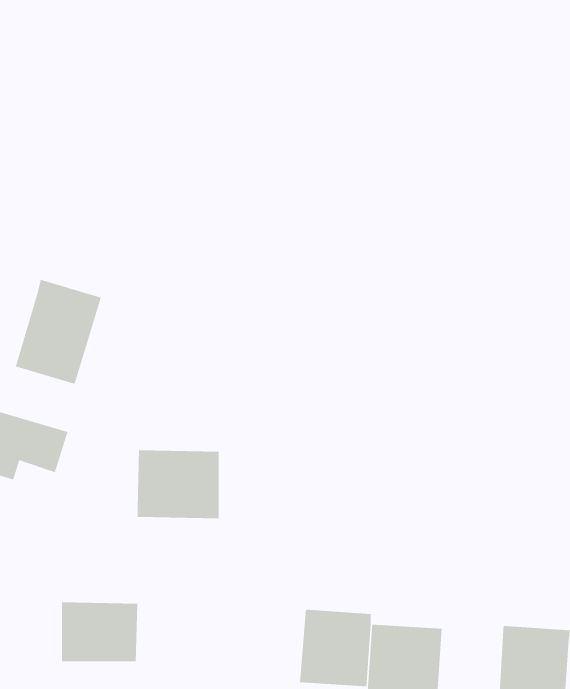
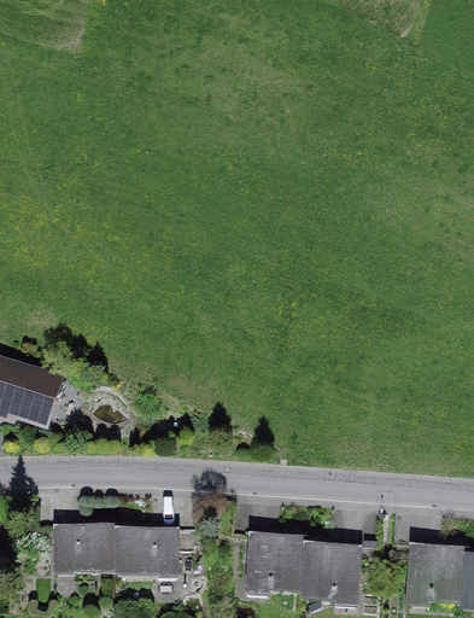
building: [15,279,102,385] -> none
building: [137,450,220,519] -> [116,524,183,581]

